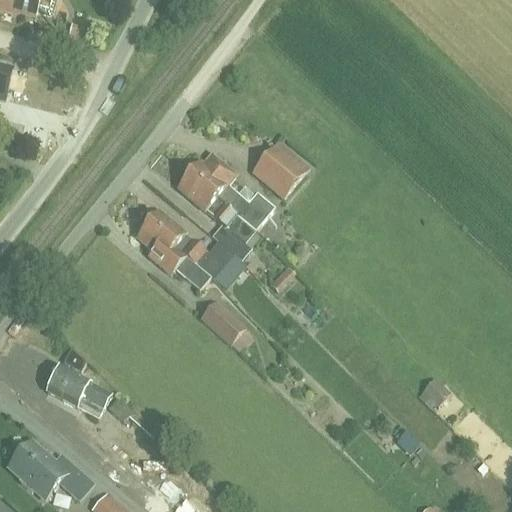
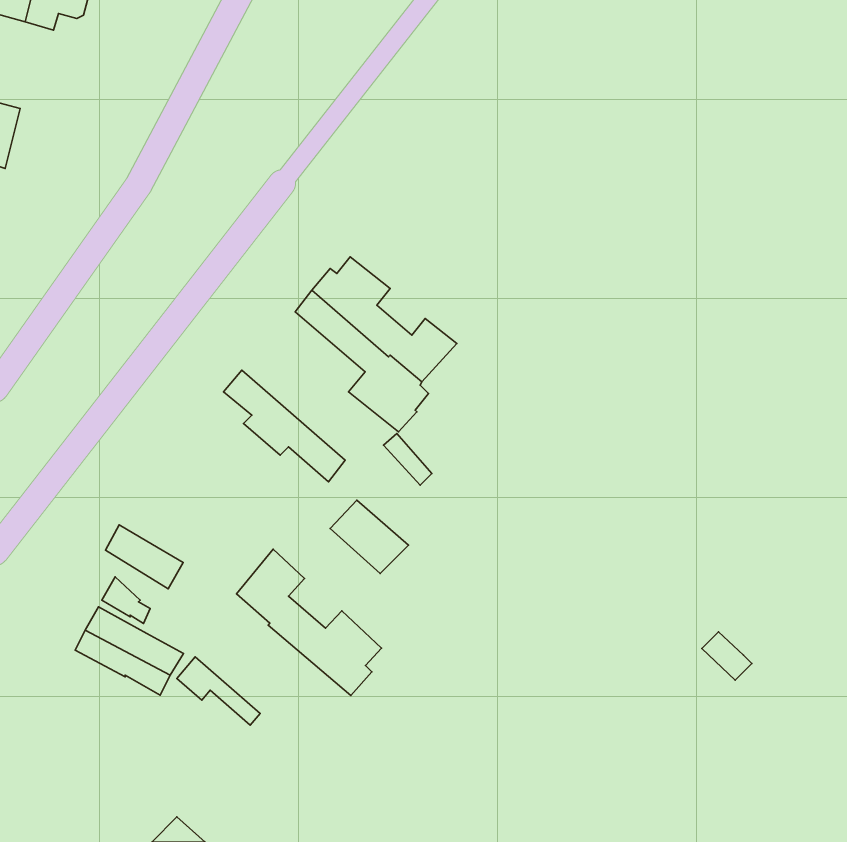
building: [249,138,308,198] -> none
building: [145,209,222,278] -> none
building: none -> [105,525,183,589]
building: none -> [237,549,382,696]
building: [6,439,91,498] -> none

